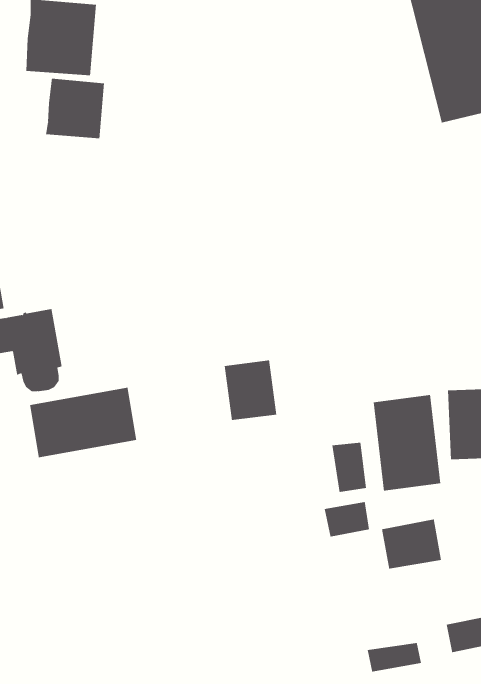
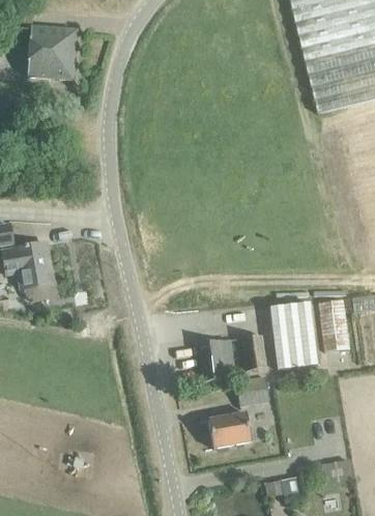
building: [45,78,105,139] -> none
building: [224,360,277,421] -> [198,339,235,381]
building: [29,387,137,458] -> none
building: [381,519,442,569] -> [208,411,251,447]

